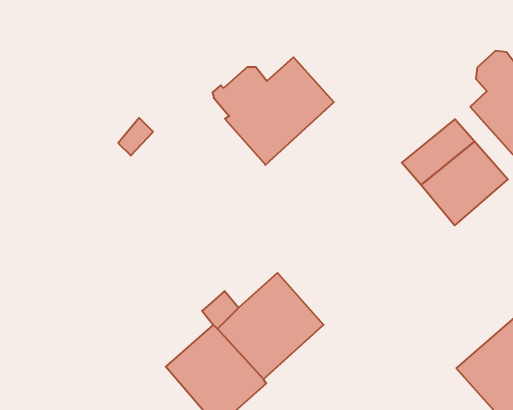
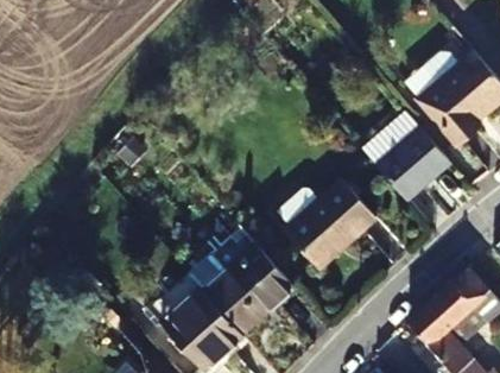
building: [212,57,334,165] -> [274,179,378,271]

